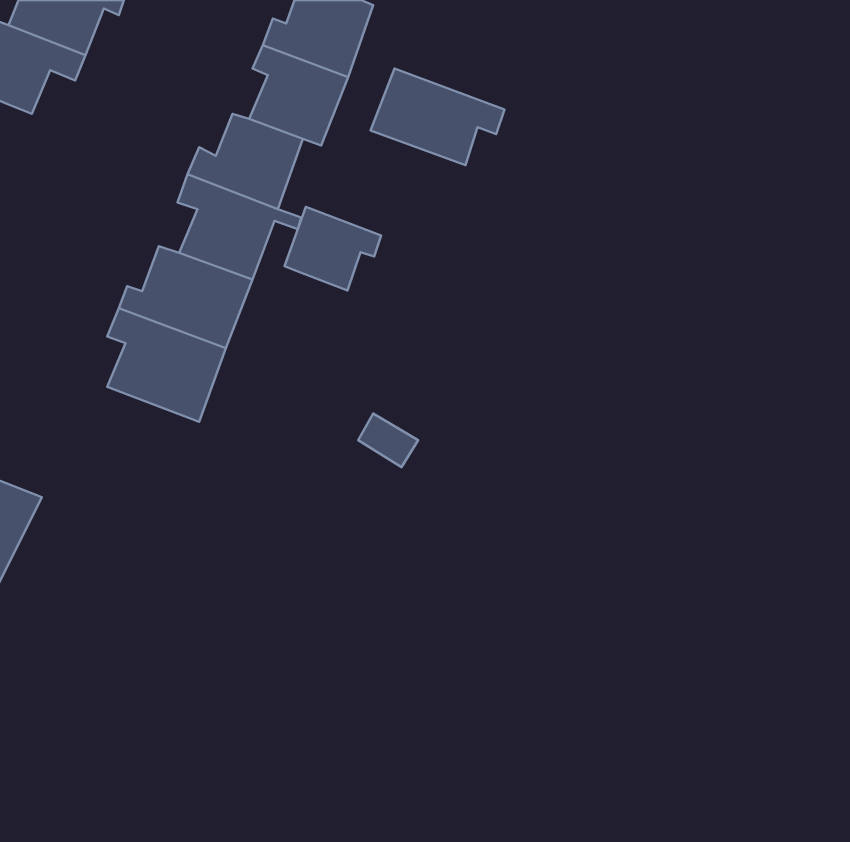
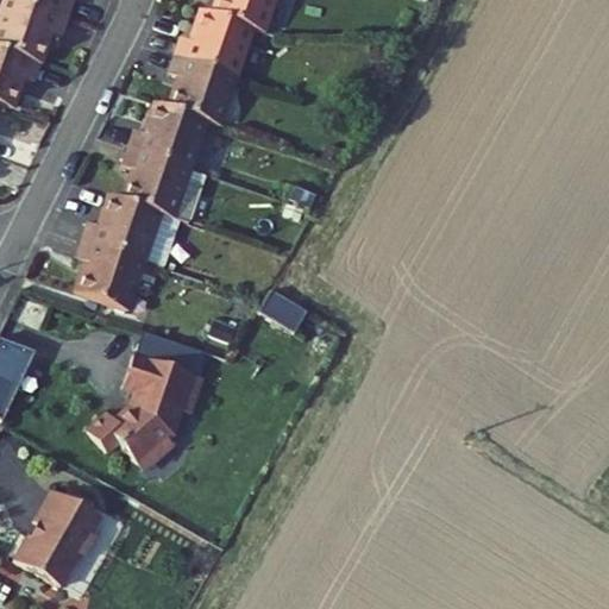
building: [371,69,504,165] -> none
building: [284,207,381,291] -> none
building: none -> [84,347,205,459]
building: none -> [19,479,106,577]

